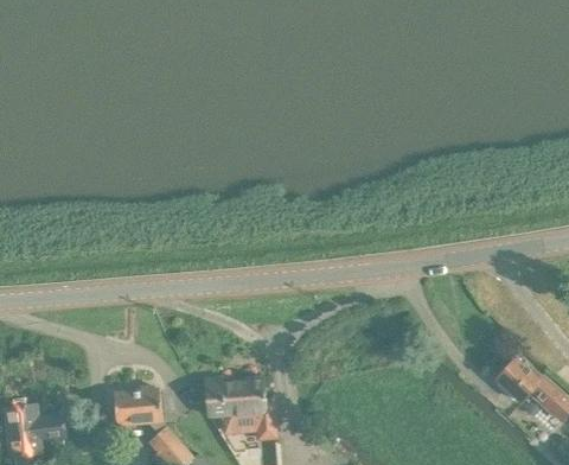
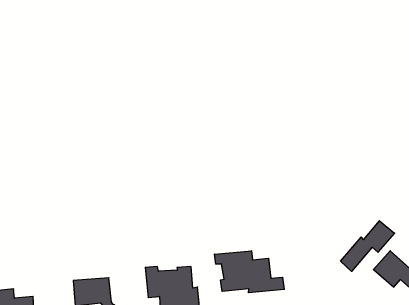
building: none -> [341,221,395,271]
building: none -> [215,251,284,293]

